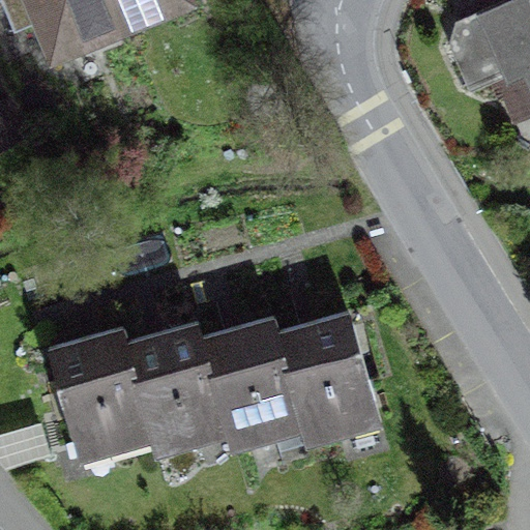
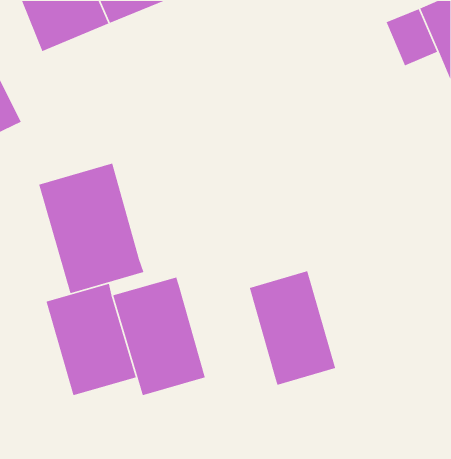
building: none -> [38,162,144,294]
building: [204,311,312,457] -> none

